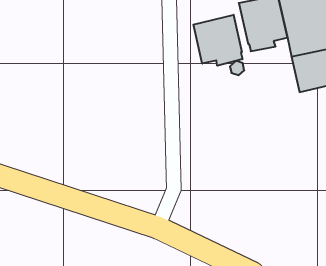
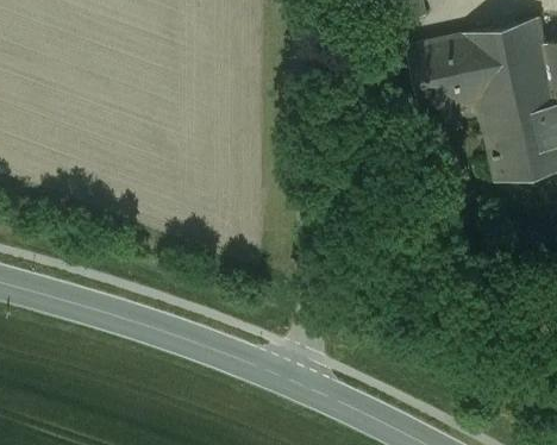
building: [193,15,242,66] -> none

